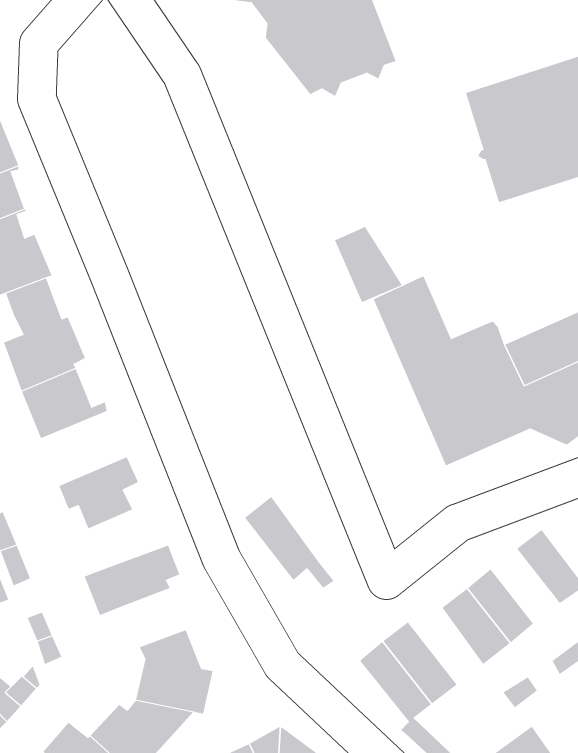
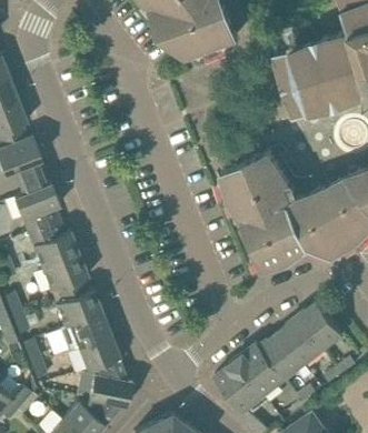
building: [334,226,403,303] -> [251,153,290,197]
building: none -> [34,238,83,280]
building: [244,496,334,589] -> [242,344,294,396]
building: none -> [56,291,107,329]
building: none -> [289,315,328,358]
building: none -> [79,338,126,372]

